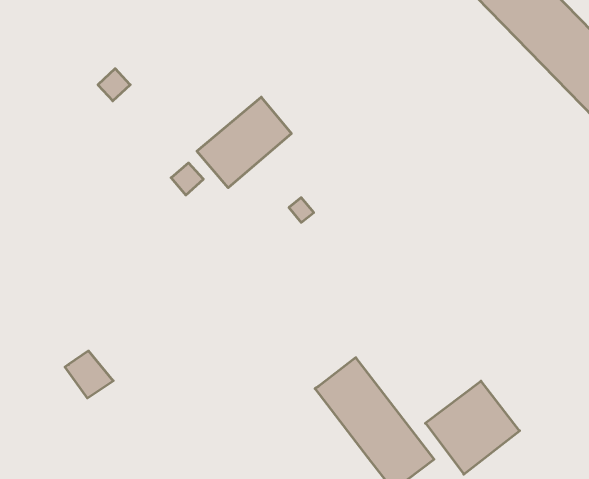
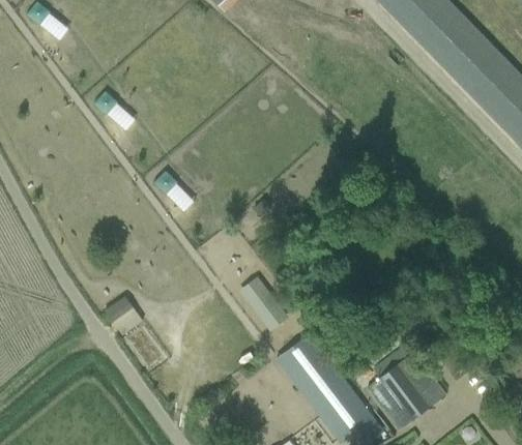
building: [197,97,291,188] -> none
building: none -> [240,275,290,329]
building: [65,351,113,398] -> [105,296,145,335]

